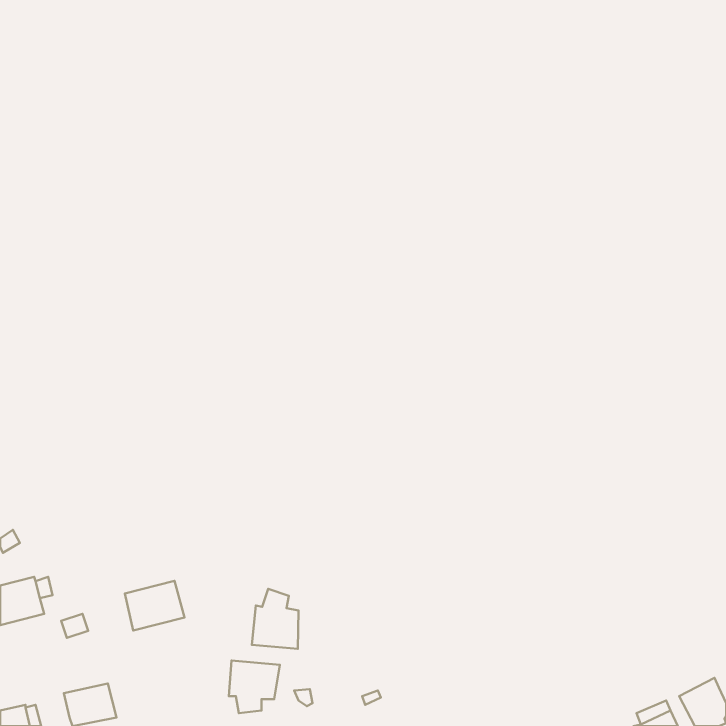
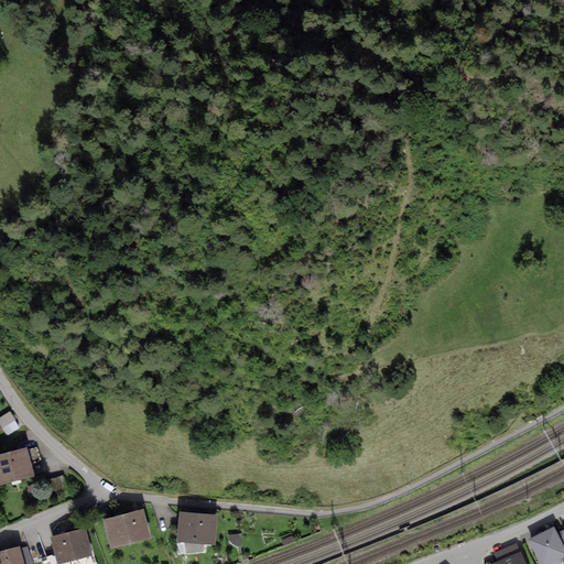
building: [125,581,184,630] -> [102,511,149,550]
building: [252,589,299,649] -> none

